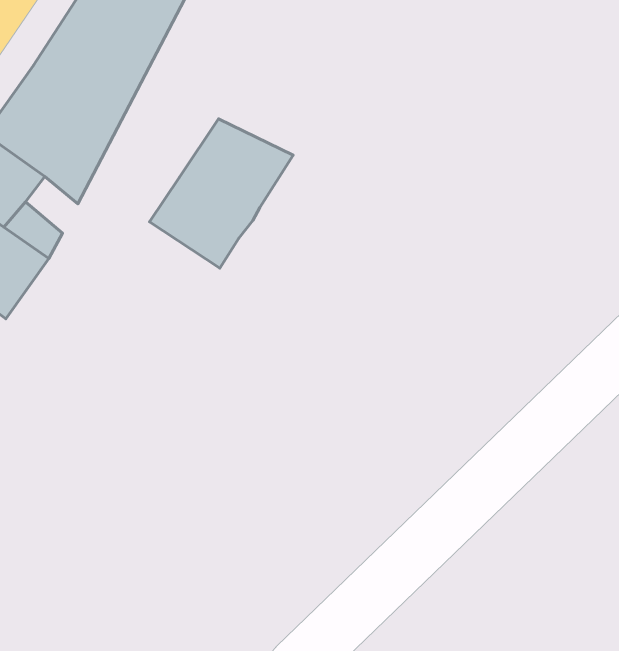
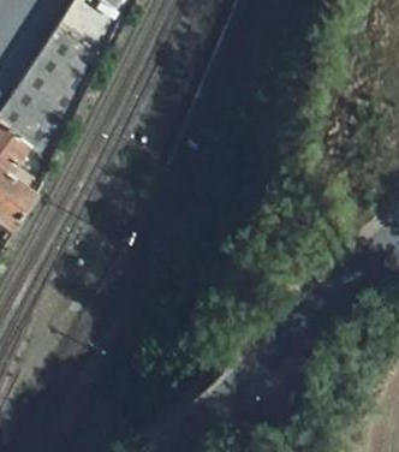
building: [149,119,293,268] -> none

